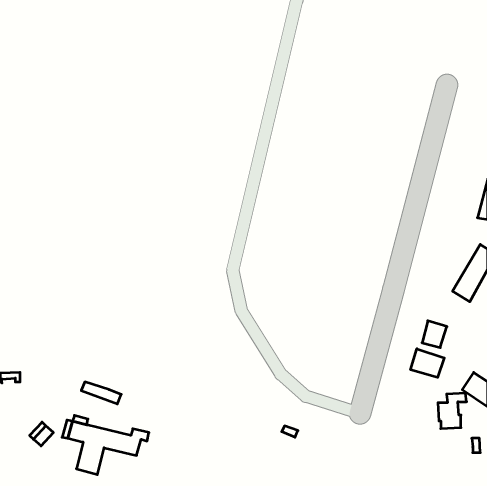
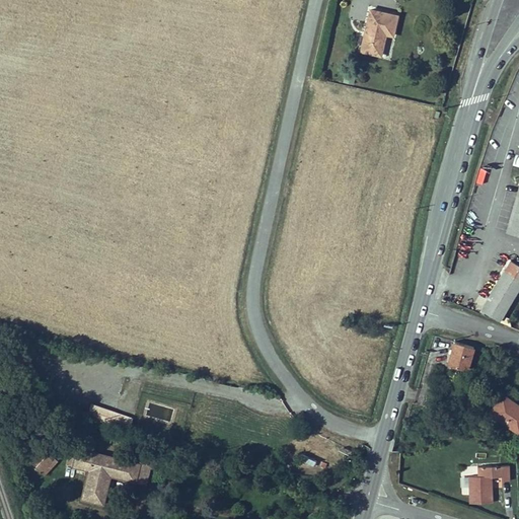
building: none -> [362,11,397,57]
building: [411,349,444,377] -> none
building: [438,393,467,429] -> [469,467,500,505]

